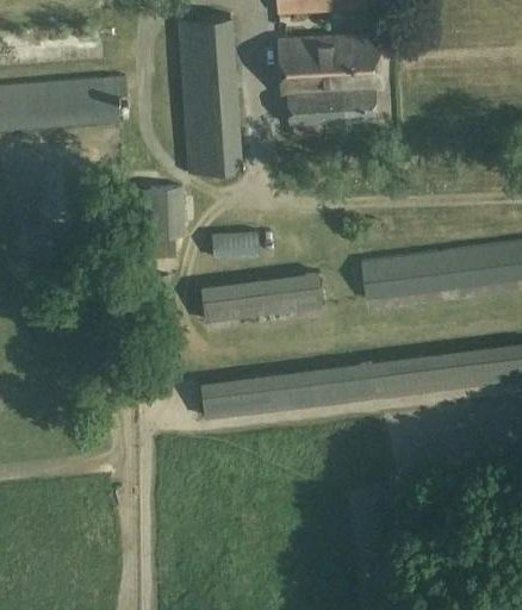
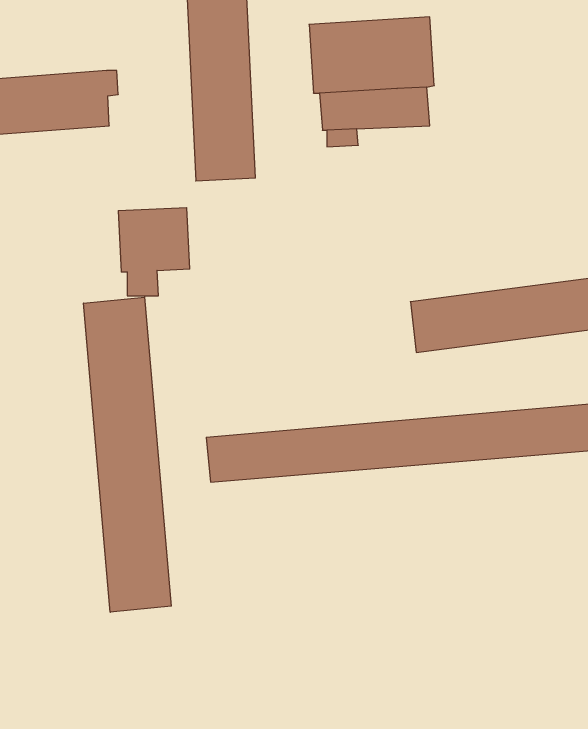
building: [211,234,260,262] -> none
building: none -> [84,297,171,612]
building: [201,274,323,325] -> none

